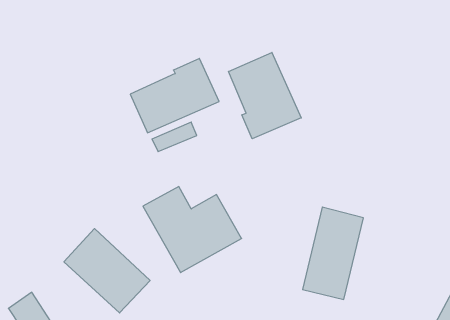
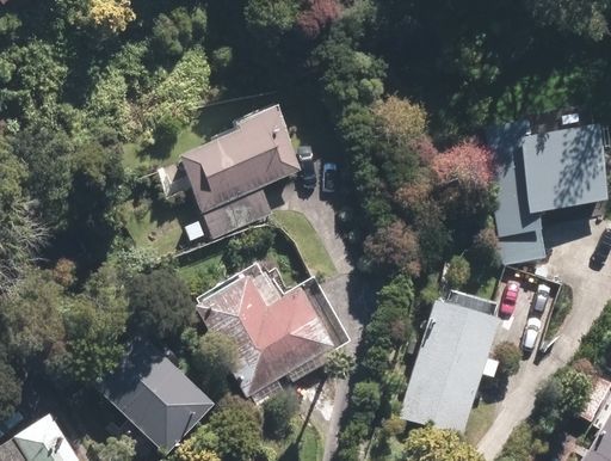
building: [229,52,301,139] -> none
building: none -> [488,123,603,229]

